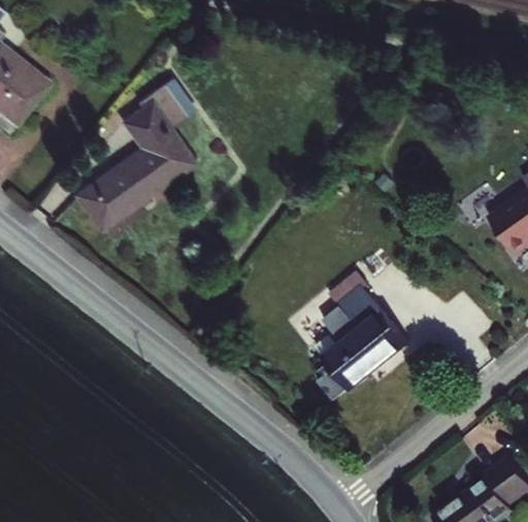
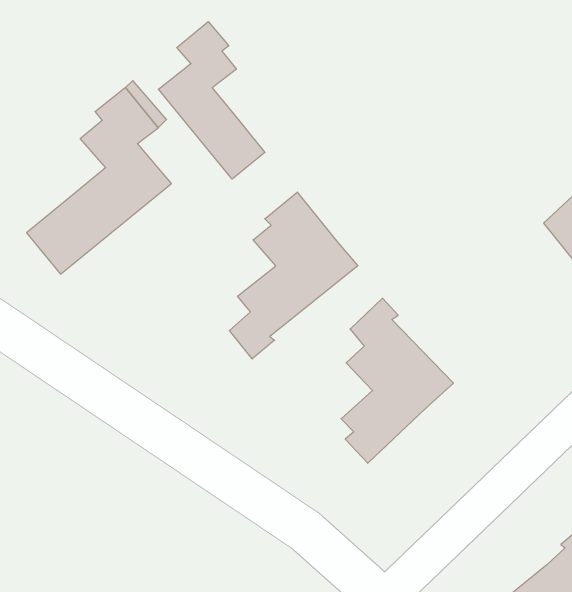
building: none -> [158,22,265,179]
building: none -> [229,192,358,359]

